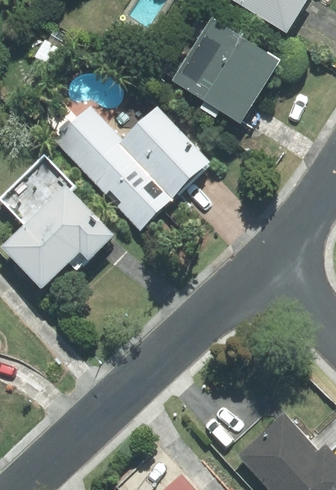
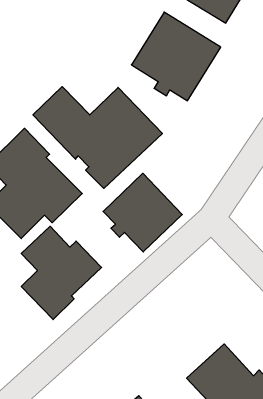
building: none -> [103,173,182,252]
building: none -> [21,226,102,320]

